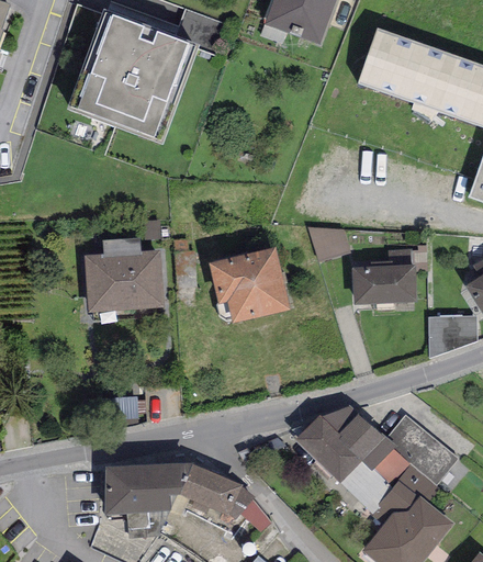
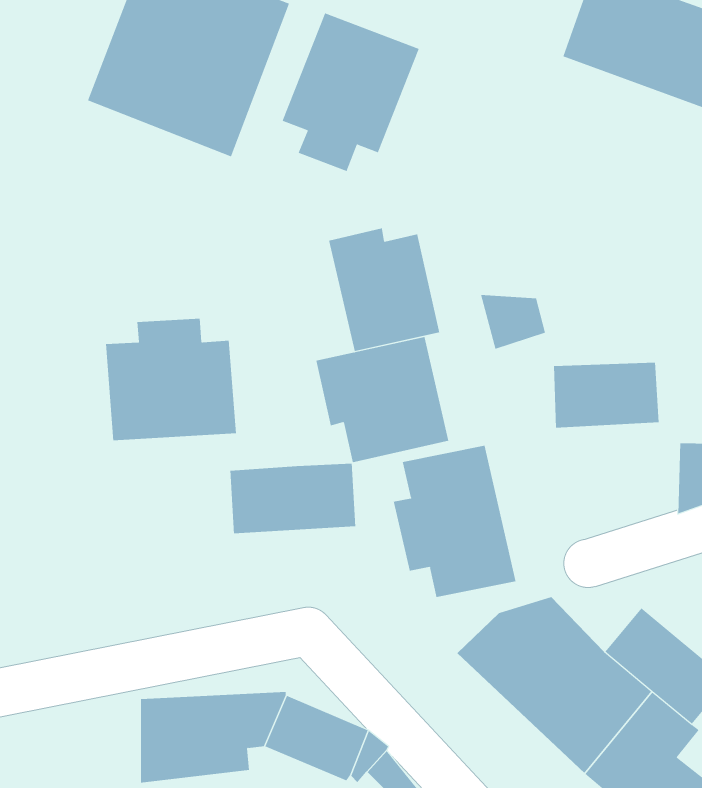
building: none -> [282,12,419,172]
building: none -> [329,228,440,352]
building: none -> [393,445,516,598]
building: none -> [230,463,356,534]

